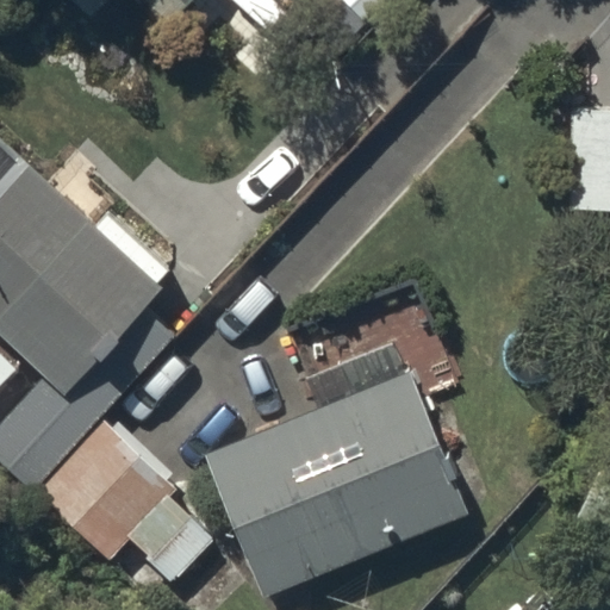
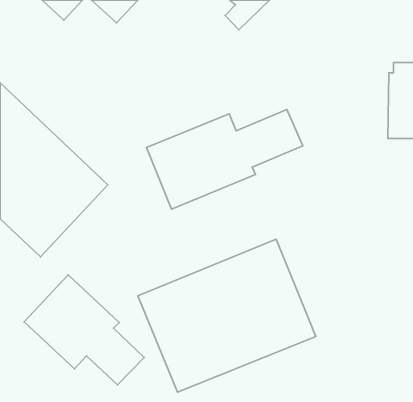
building: none -> [147,110,303,209]

